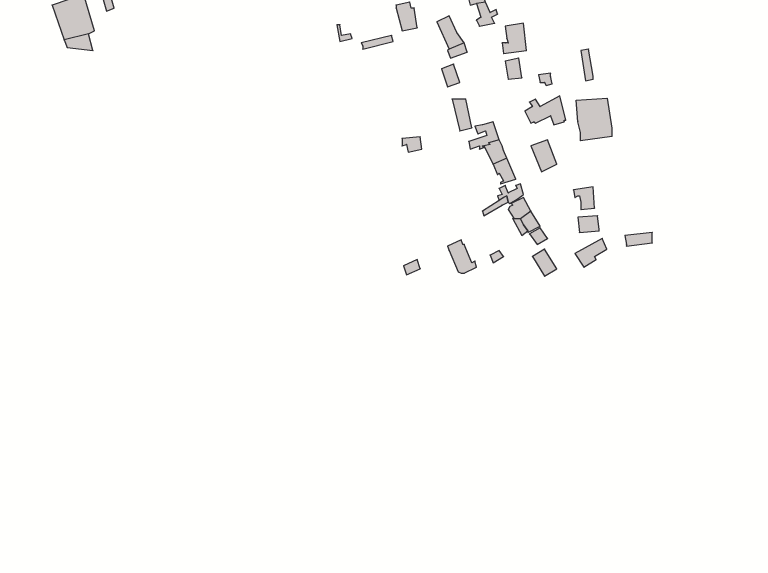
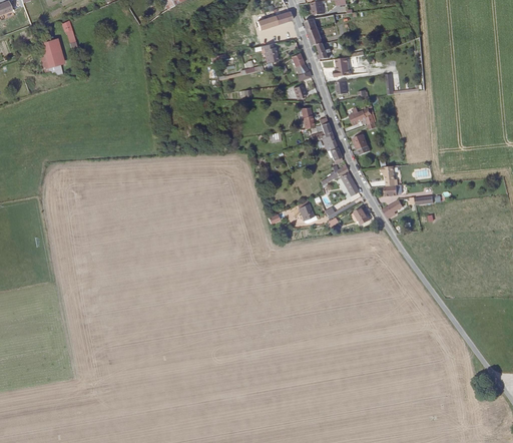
building: [576,98,612,141] -> none

